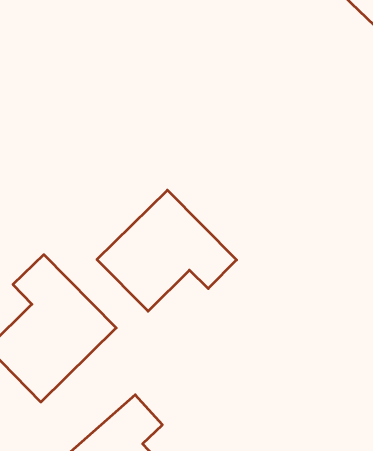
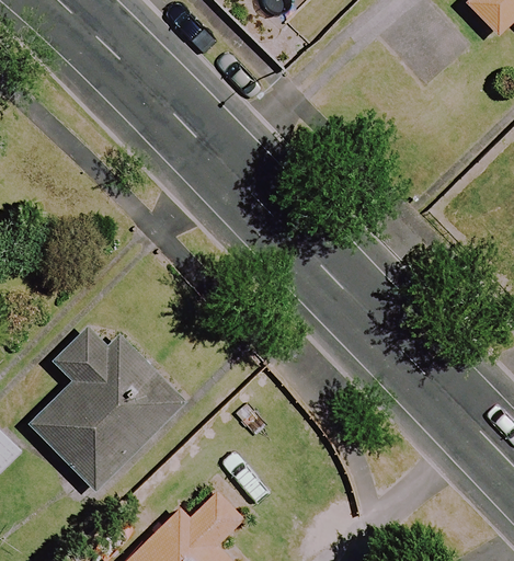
building: [97,190,237,311] -> none

